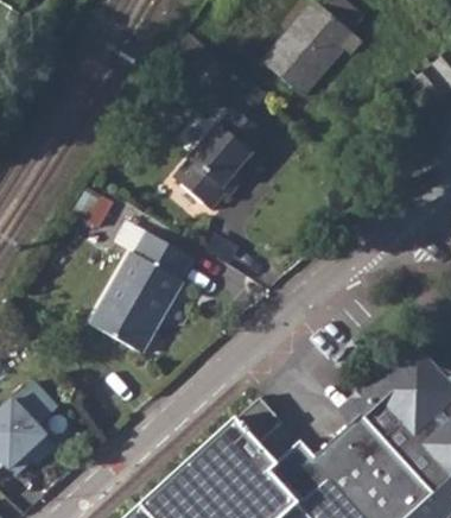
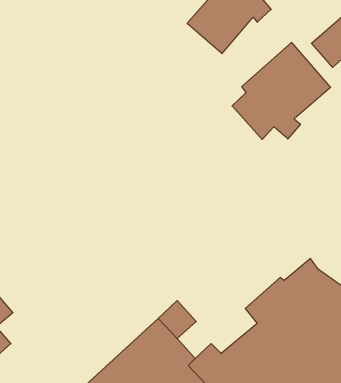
building: none -> [232,42,331,139]
building: [173,110,265,215] -> none
building: [90,235,189,350] -> none

